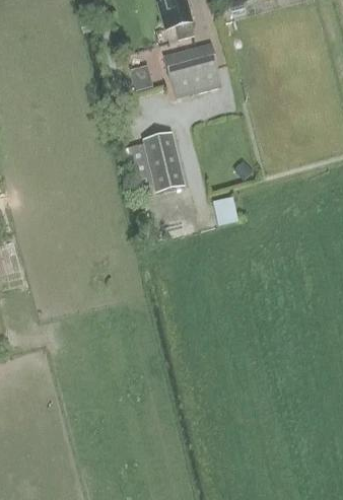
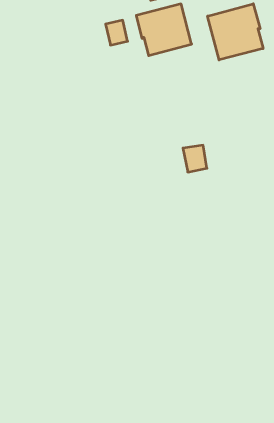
building: none -> [208,4,263,60]
building: [141,131,184,192] -> none

